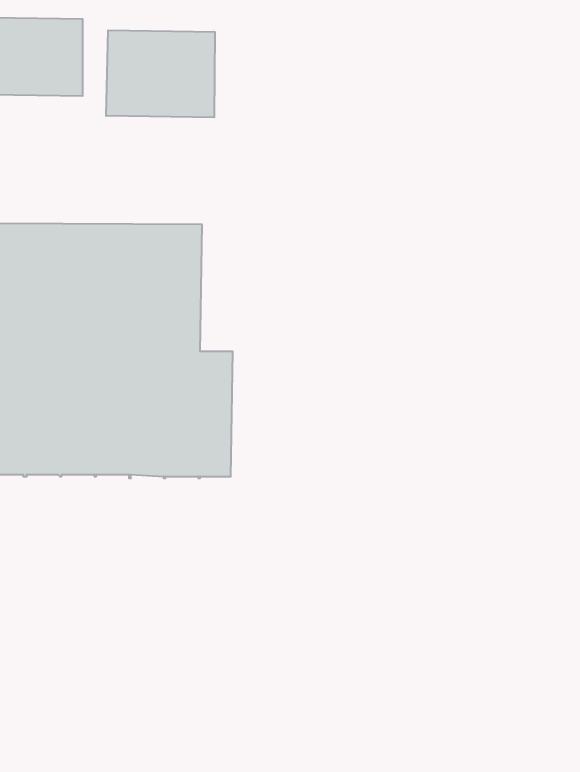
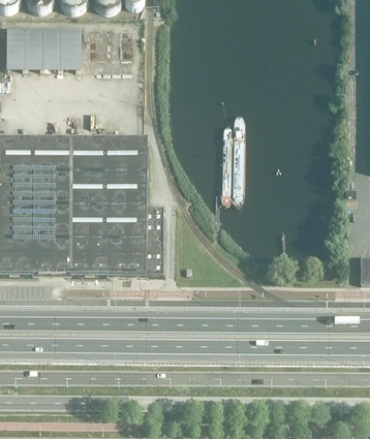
building: [106,30,215,117] -> none

